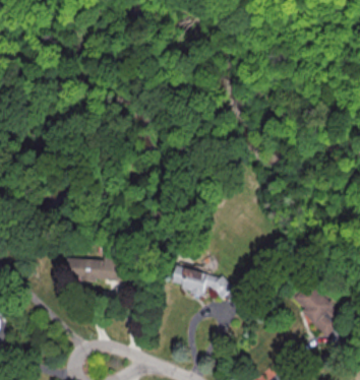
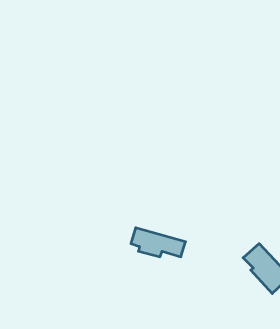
building: [64,259,122,281] -> none

